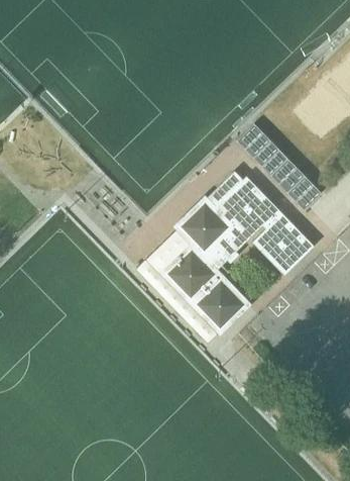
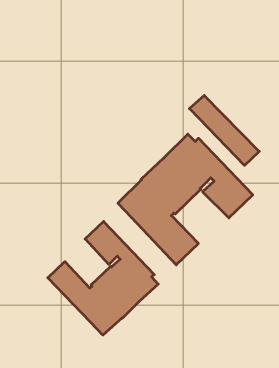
building: none -> [48,221,158,335]

